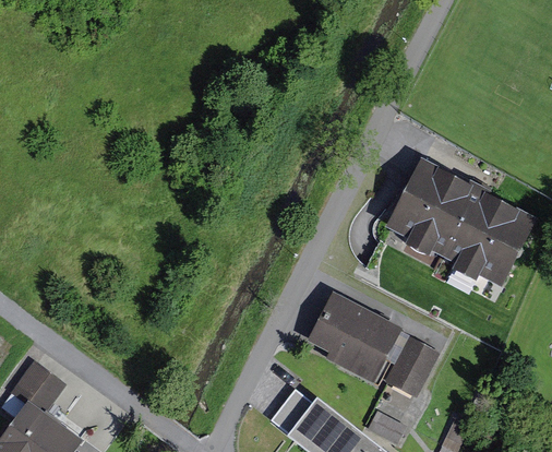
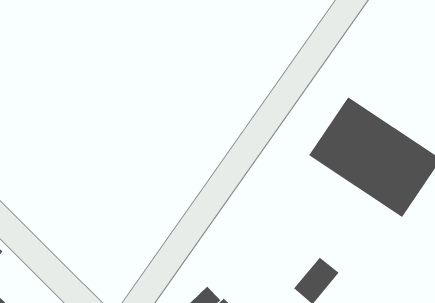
building: [310,295,399,379] -> none

